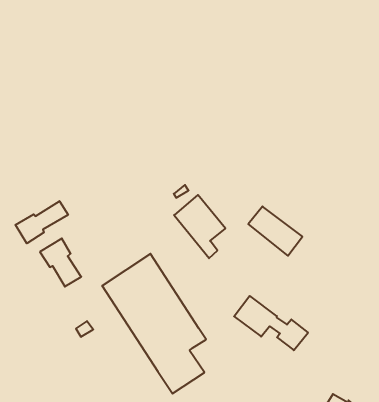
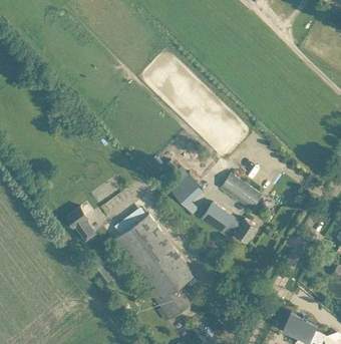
building: [15,201,68,243] -> none
building: [234,296,308,350] -> [201,203,257,242]

